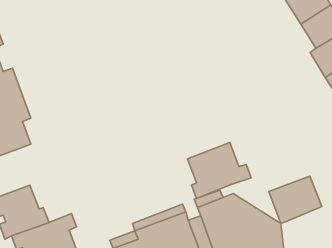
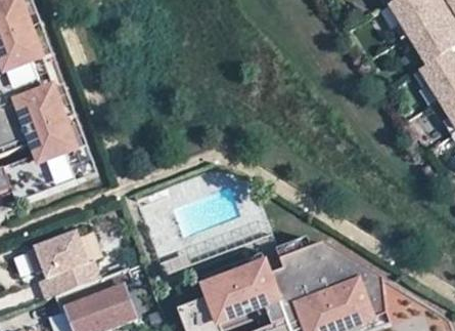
building: [187,143,251,198] -> none
building: [269,176,322,223] -> none

